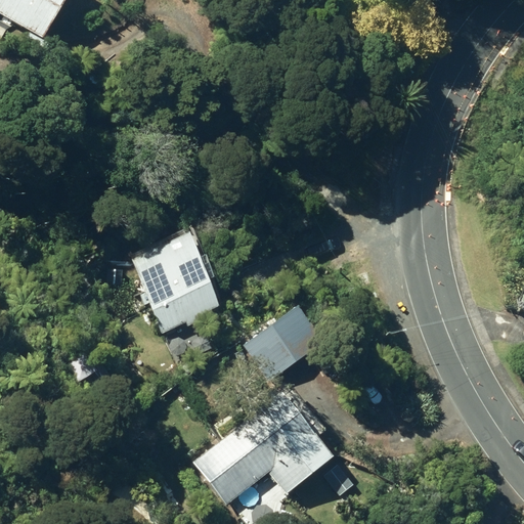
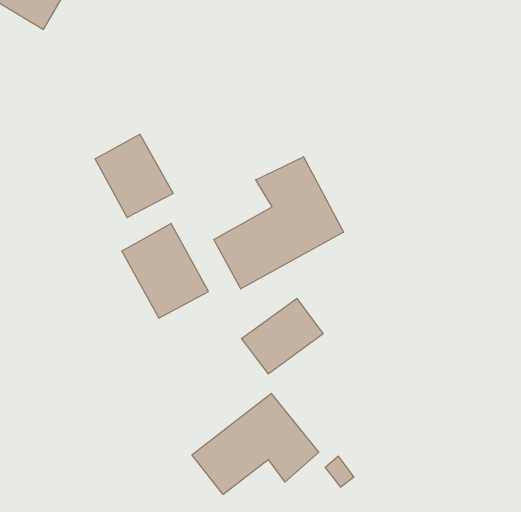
building: none -> [95,134,173,218]
building: none -> [214,157,344,289]

